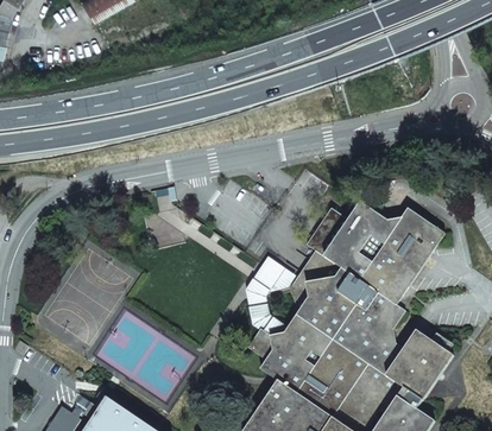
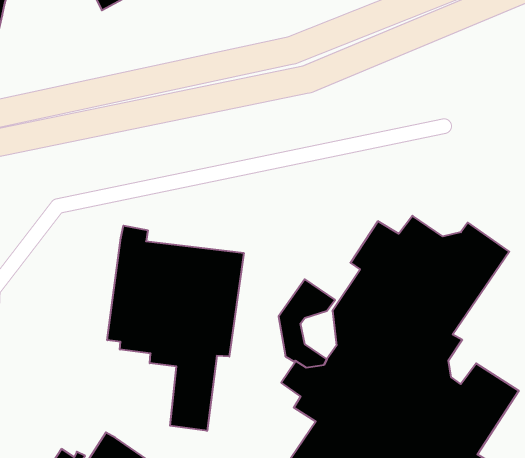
building: none -> [107,226,244,431]

